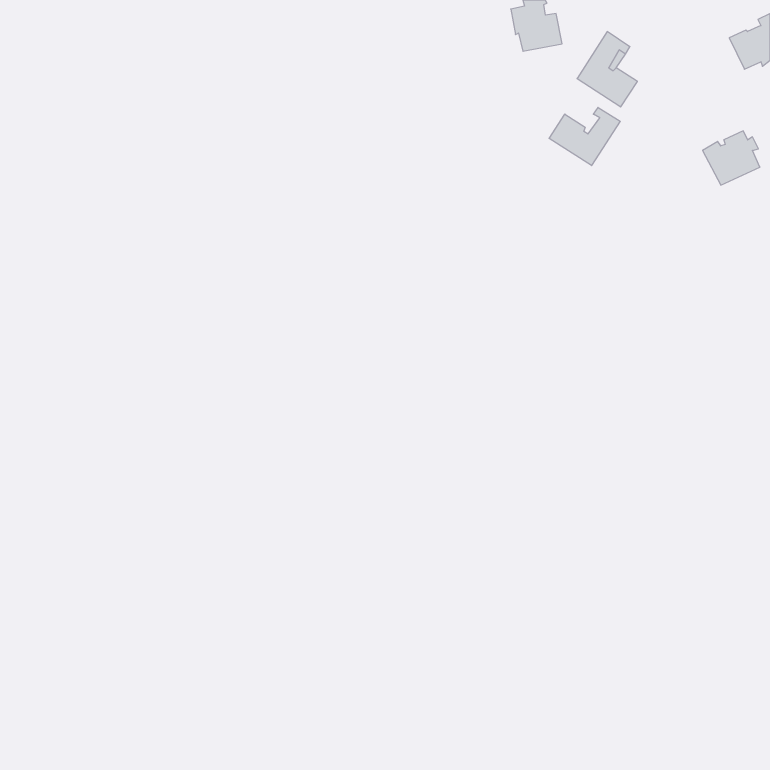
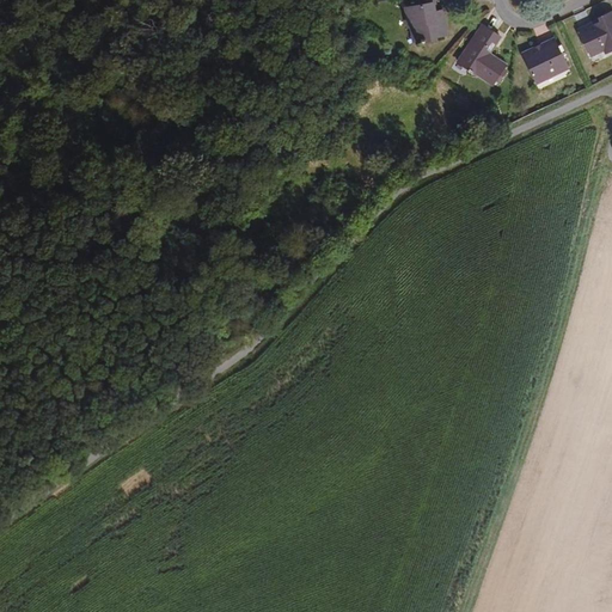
building: [549,107,620,166] -> none
building: [703,131,760,185] -> [522,39,568,82]

